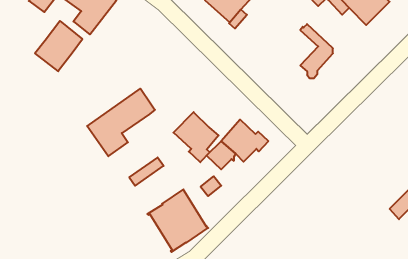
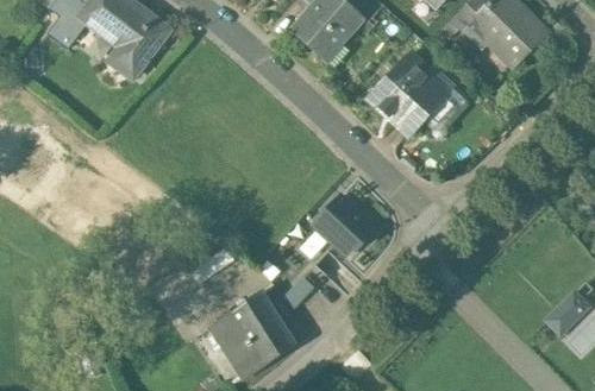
building: none -> [369,52,449,135]
building: [35,21,82,71] -> none
building: [87,89,155,156] -> none
building: [173,112,219,162] -> none

